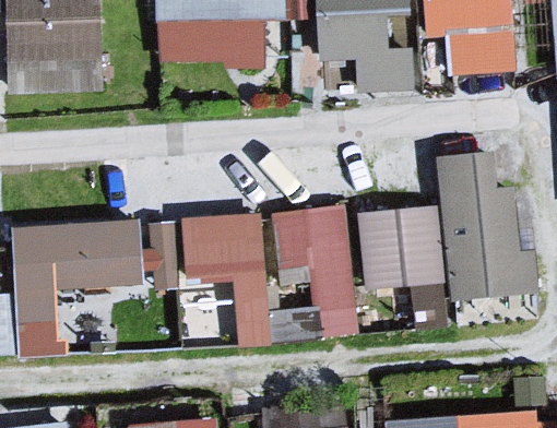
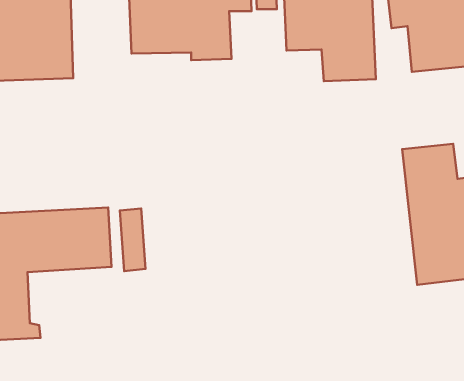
building: [269,209,356,337] -> none
building: [362,209,447,329] -> none
building: [183,215,269,347] -> none

